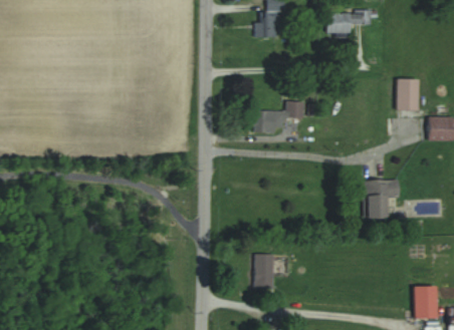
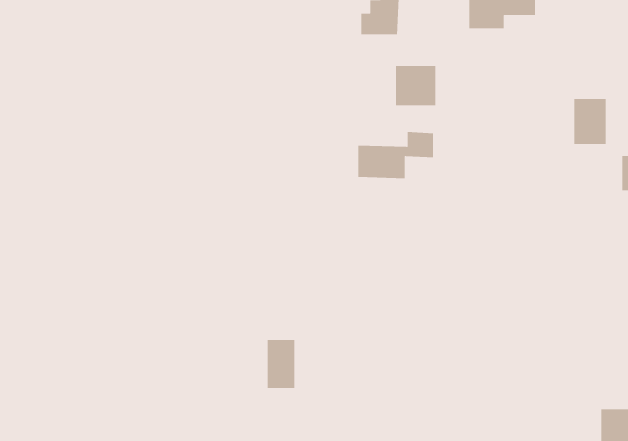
building: none -> [395,65,436,106]
building: [362,181,399,219] -> none
building: [254,255,273,288] -> [267,339,295,389]

